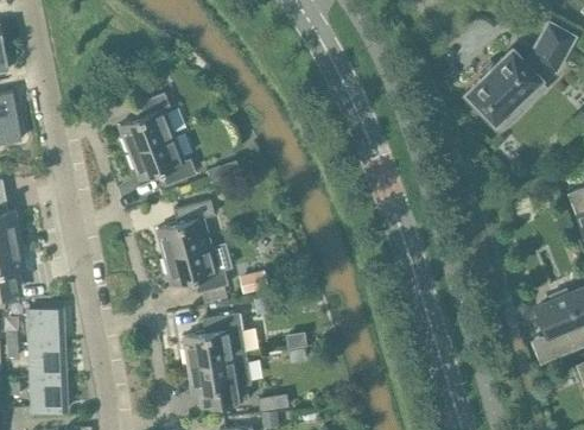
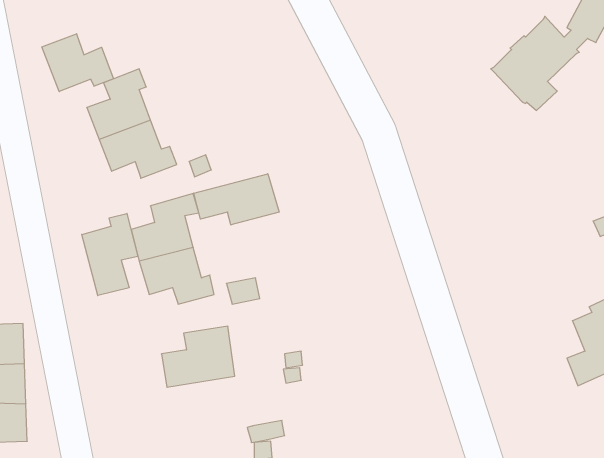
building: none -> [42,34,114,92]
building: none -> [194,174,279,225]
building: none -> [82,213,138,296]
building: [188,356,250,407] -> none

